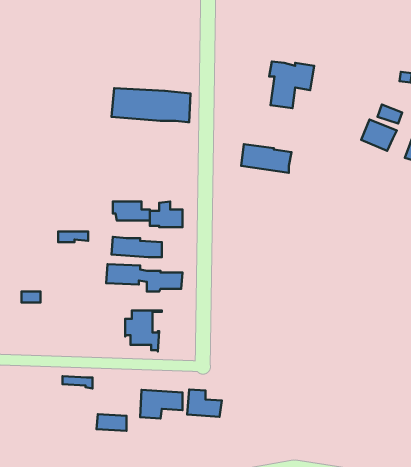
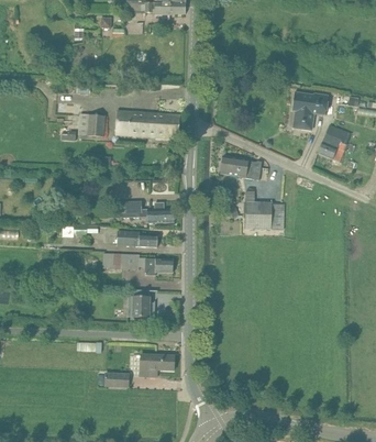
building: [269,62,314,108] -> [292,91,329,129]
building: none -> [79,113,106,135]
building: none -> [244,190,284,229]
building: [187,389,222,417] -> none

